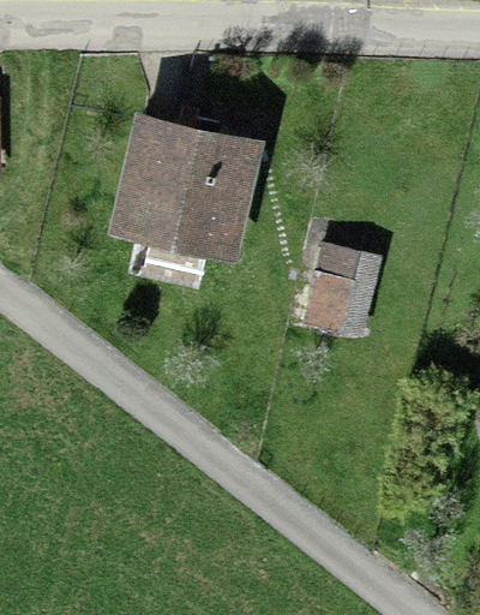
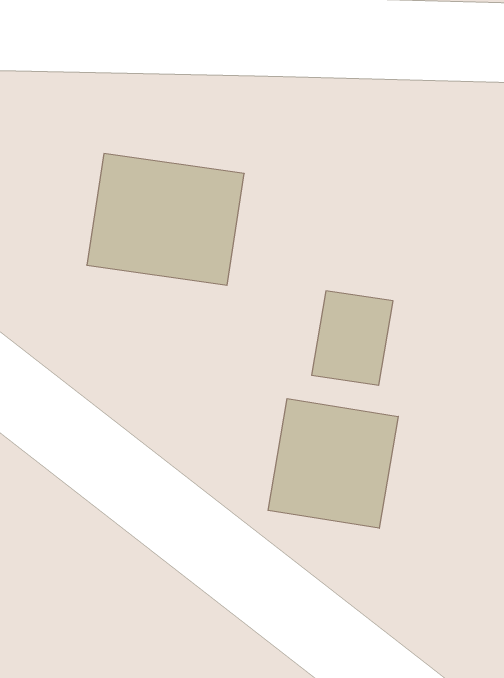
building: none -> [268,399,398,528]

